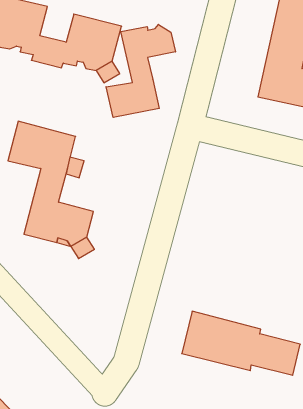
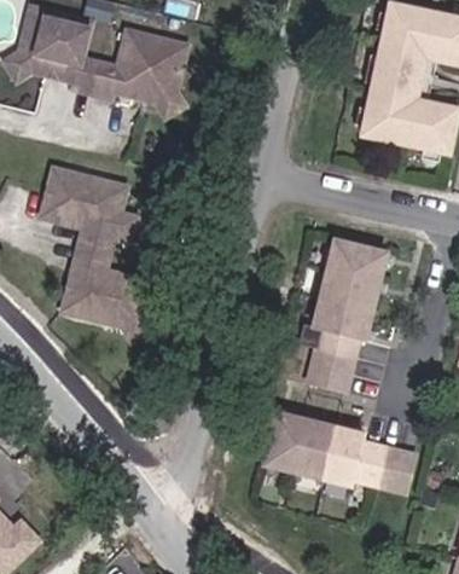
building: [106,24,175,117] -> none
building: none -> [308,239,388,392]

